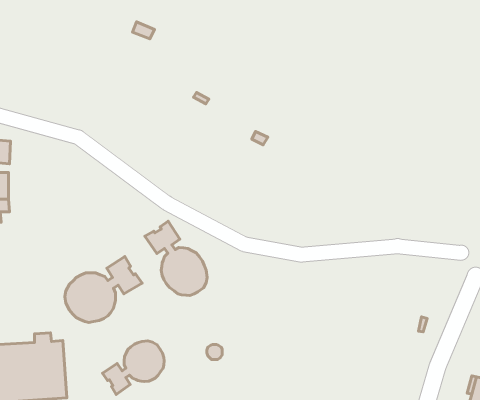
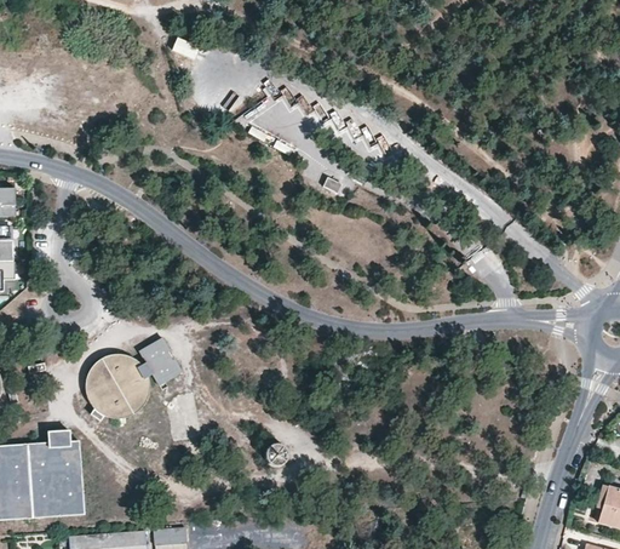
building: [145,221,207,295] -> none
building: [102,341,164,395] -> none

